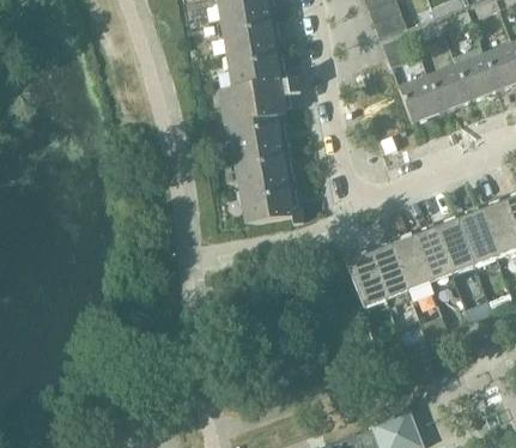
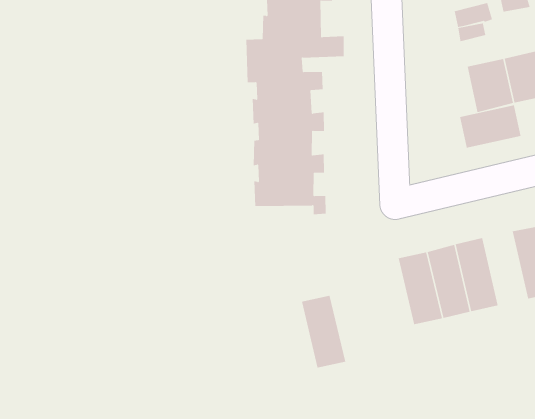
building: none -> [459,104,521,148]
building: [432,213,475,274] -> none
building: [344,248,387,308] -> [301,295,346,368]

